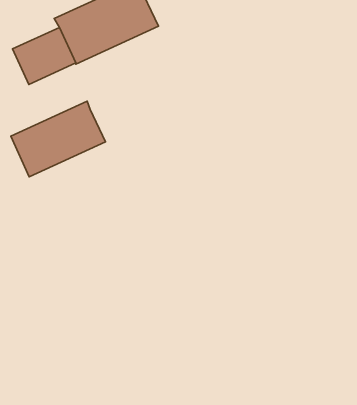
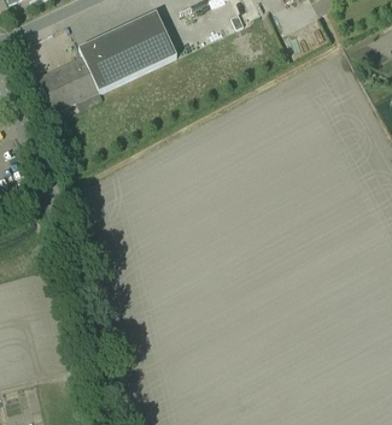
building: [11,101,105,177] -> none

